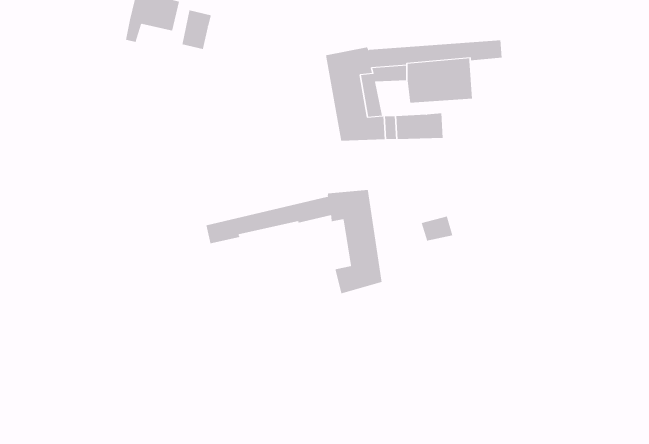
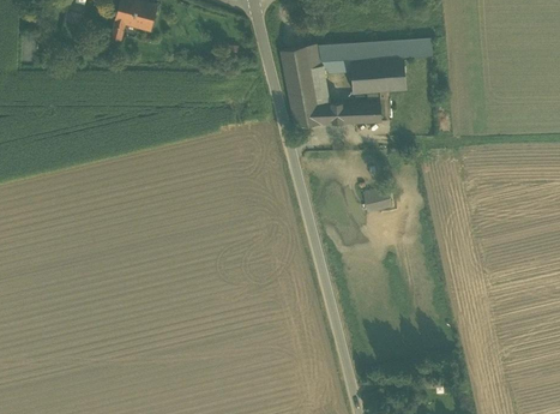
building: [182,9,212,50] -> none
building: [206,189,382,294] -> none

